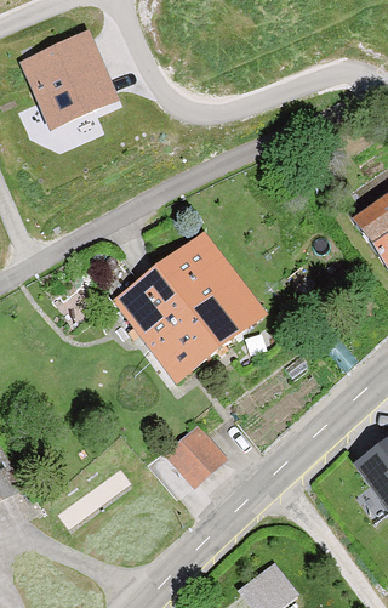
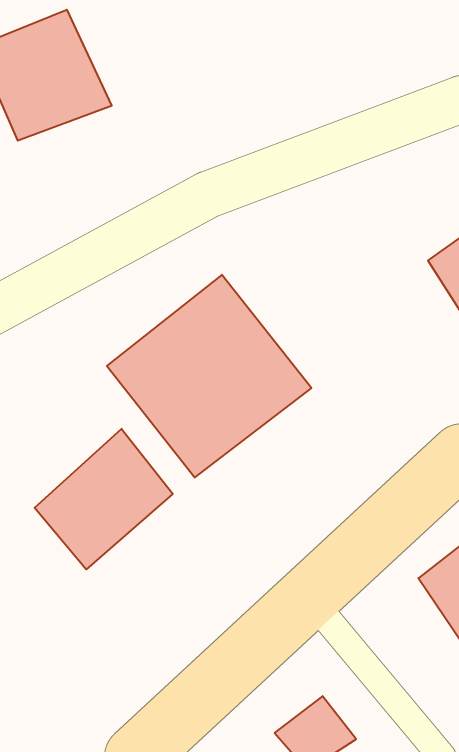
building: none -> [35,429,173,569]
building: [162,421,230,489] -> none

